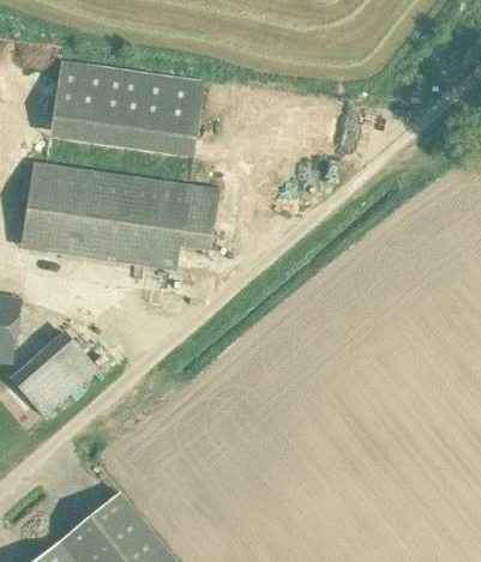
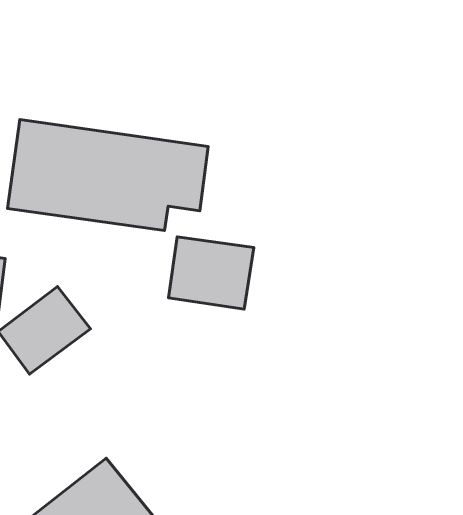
building: [48,59,204,157] -> none
building: none -> [169,237,254,309]

